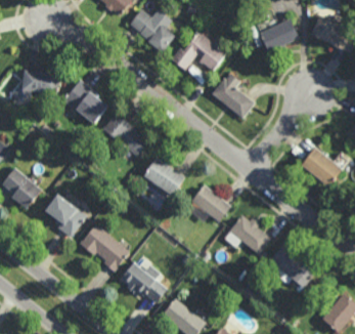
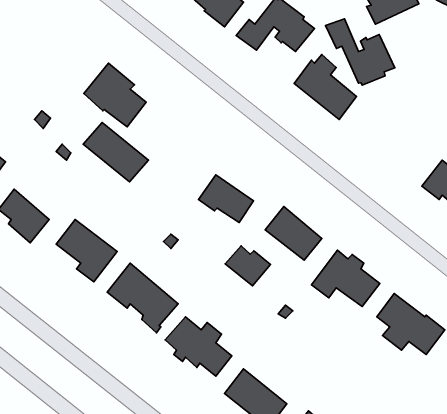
building: none -> [326,19,395,85]
building: [20,71,59,96] -> none
building: [102,115,148,157] -> [83,123,148,182]
building: none -> [225,246,271,286]

